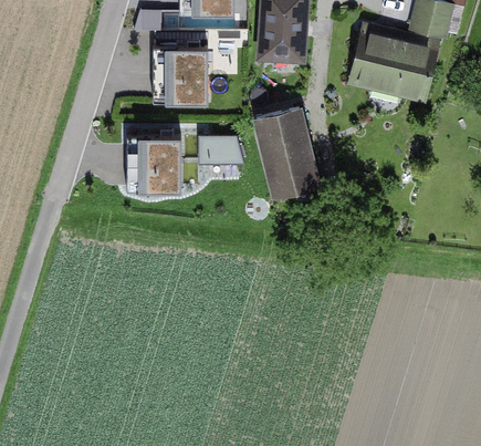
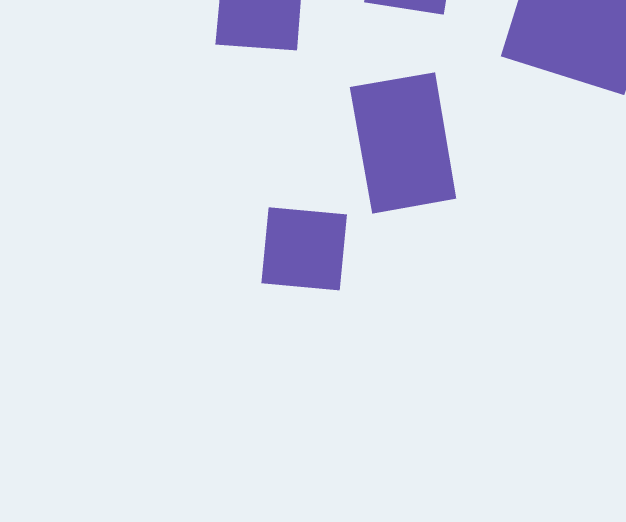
building: [202,129,243,157] -> none
building: [128,132,182,184] -> [261,207,348,291]

